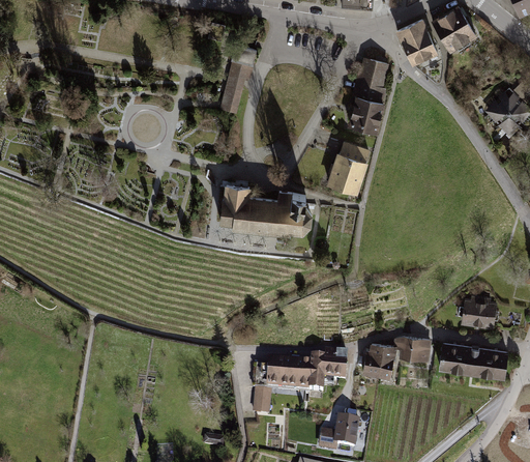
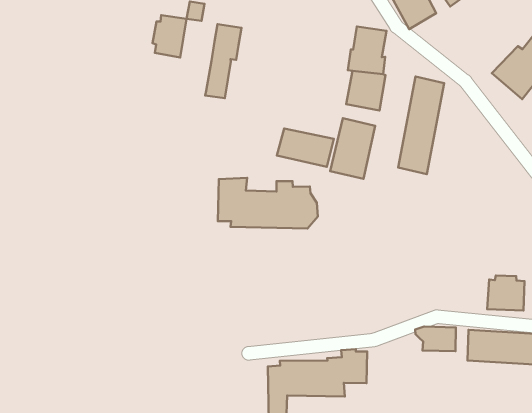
building: none -> [153,15,187,57]
building: none -> [398,77,444,174]
building: none -> [277,128,334,167]
building: [362,343,396,378] -> none

